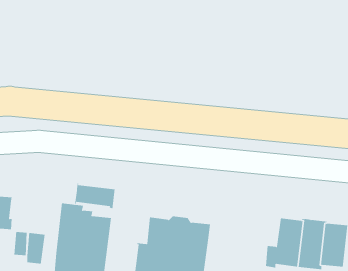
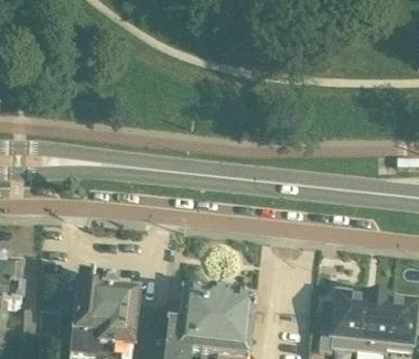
building: [75,183,115,209] -> none

